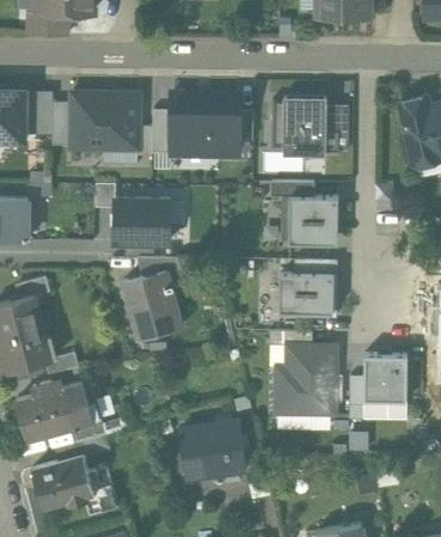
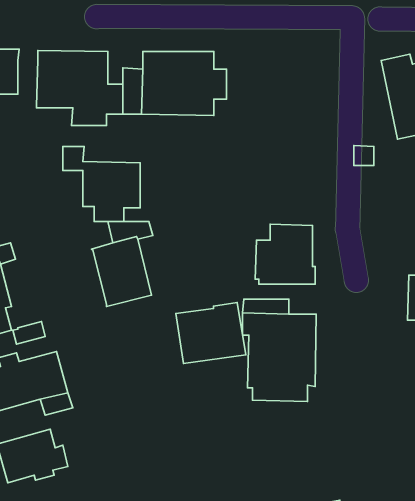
building: [270,97,348,154] -> none
building: [51,103,71,146] -> none
building: [270,183,337,245] -> none
building: [348,354,406,420] -> none
building: [178,420,245,478] -> [176,302,246,364]

